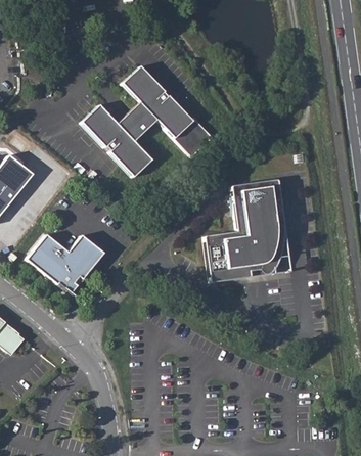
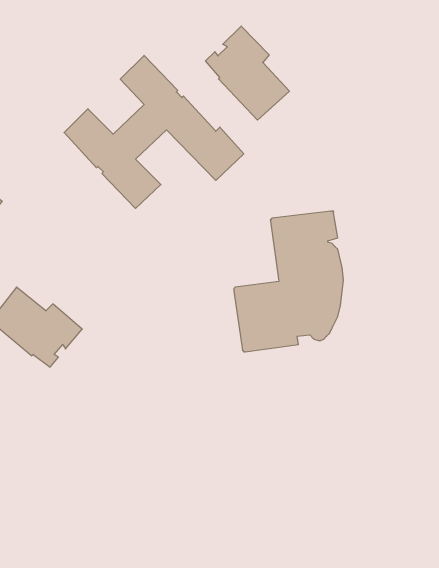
building: none -> [206,26,289,120]
building: [73,237,104,266] -> none

